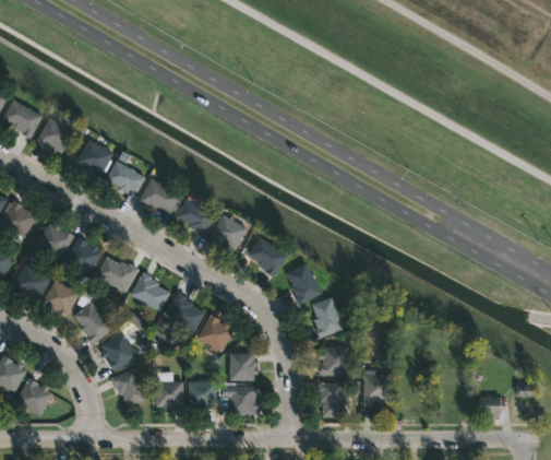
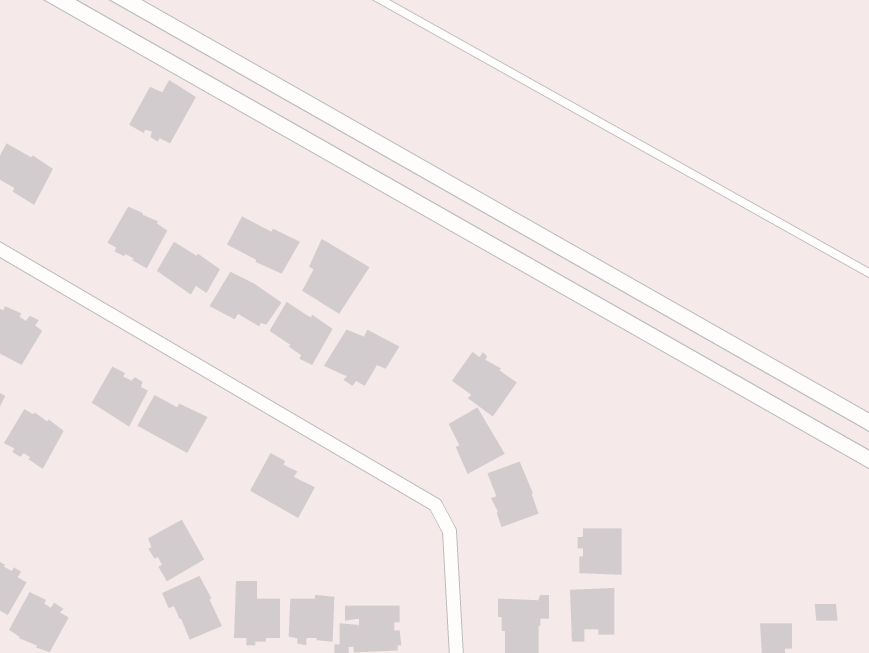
building: [36,114,79,154] -> [128,79,197,144]
building: none -> [226,216,301,275]
building: none -> [301,238,370,315]
building: [36,223,74,260] -> none
building: [248,237,289,279] -> [451,351,518,418]
building: [129,272,170,314] -> none
building: [41,281,79,318] -> none
building: [73,302,112,345] -> none
building: [196,315,233,353] -> none
building: [319,347,347,377] -> [577,528,623,575]
building: [229,354,257,381] -> none

